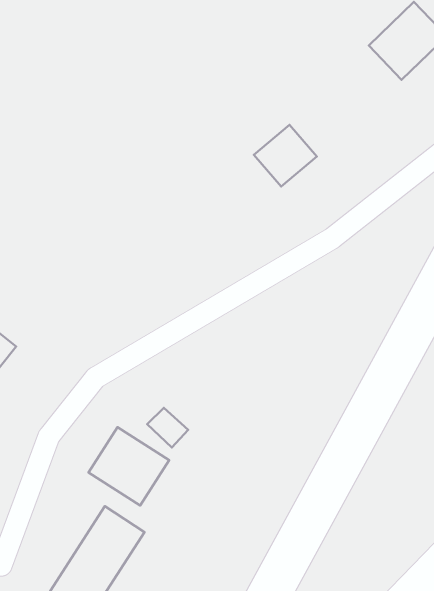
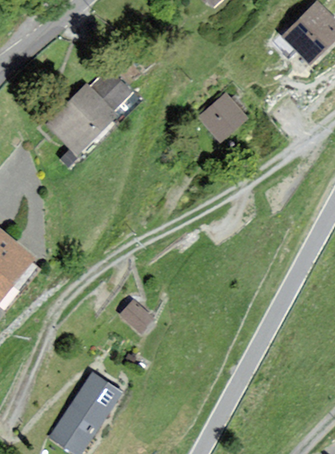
building: none -> [49,73,129,152]
building: [89,427,169,505] -> none

